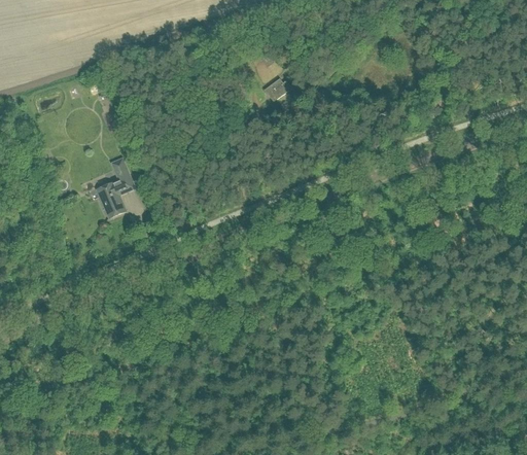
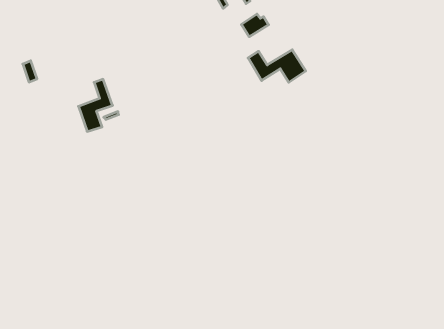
building: none -> [248,50,306,82]

